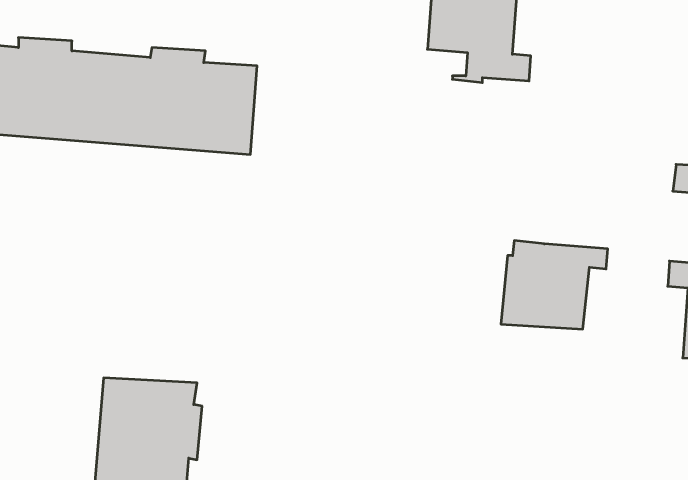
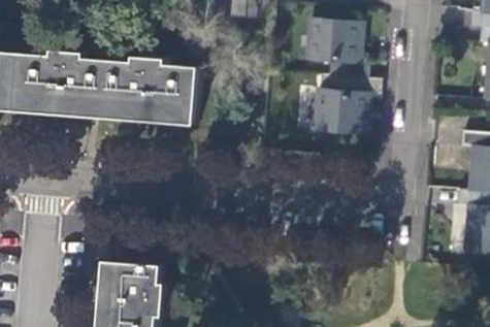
building: [501,241,608,329] -> [315,77,381,132]

